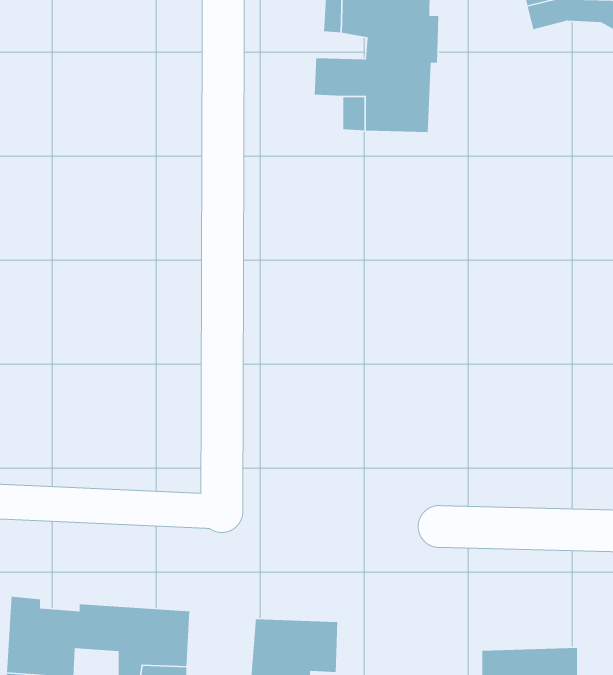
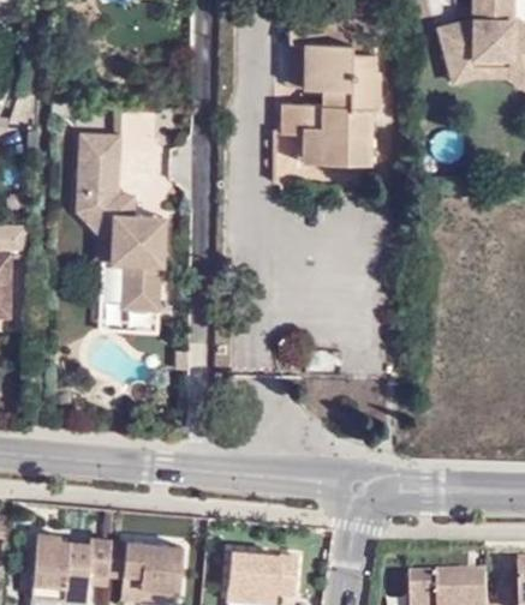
building: none -> [76,131,167,312]

